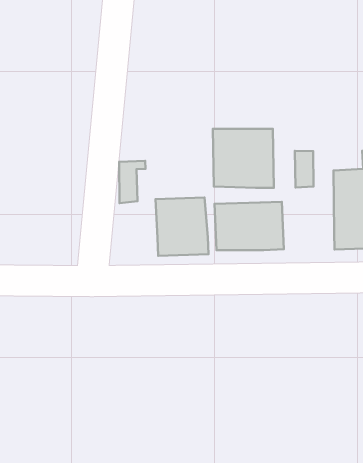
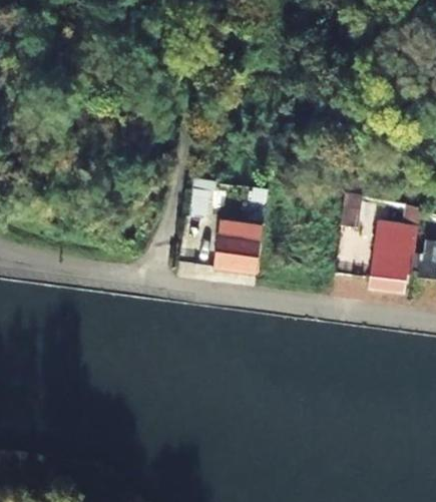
building: [213,129,274,188] -> none
building: [214,202,284,250] -> none

